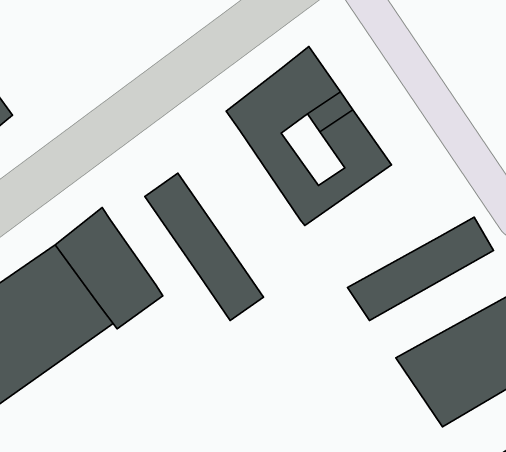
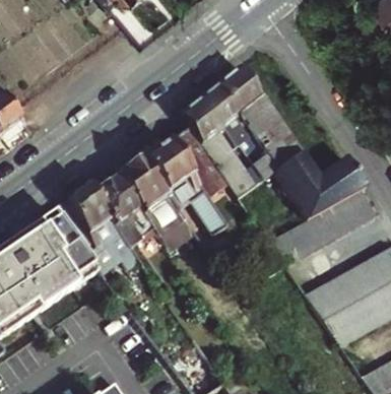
building: none -> [144,126,244,258]
building: none -> [273,152,367,220]
building: none -> [94,175,160,248]

